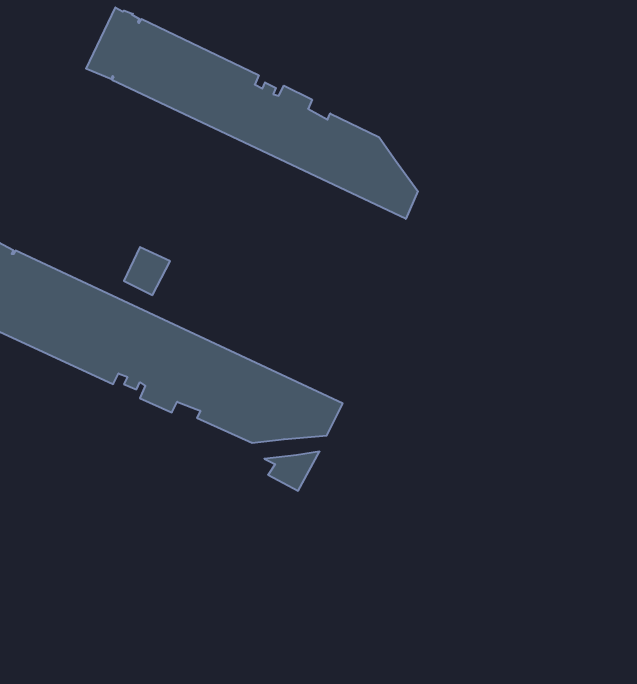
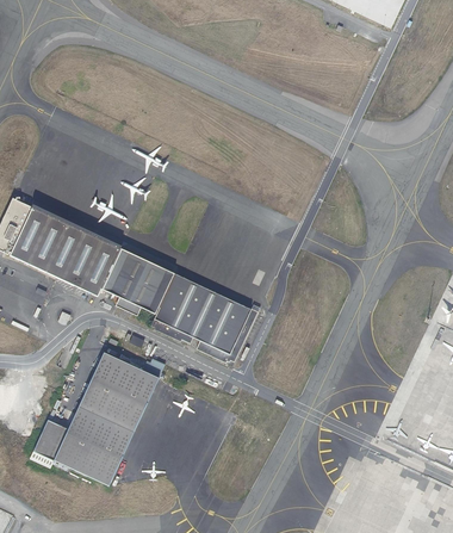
building: [86,7,418,219] -> none
building: none -> [33,354,159,485]

